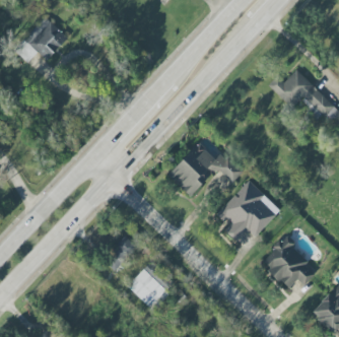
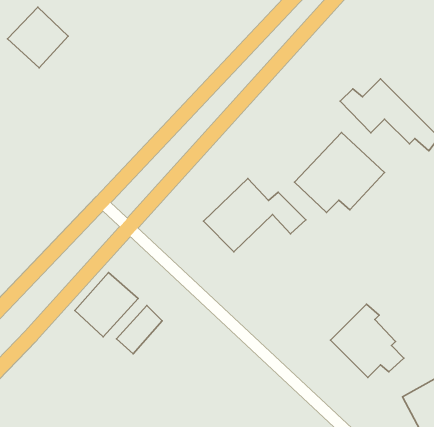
building: [214,181,280,240] -> [295,132,384,213]
building: none -> [75,273,138,337]
building: [128,261,178,312] -> none

